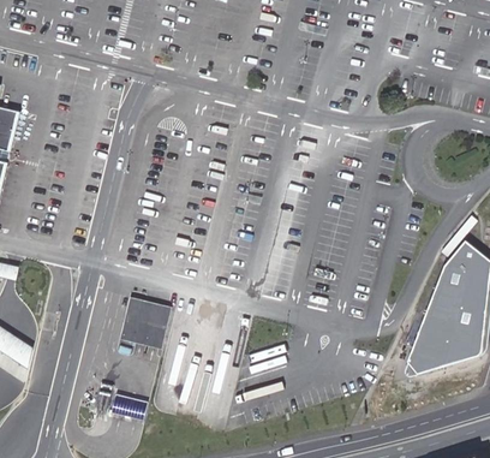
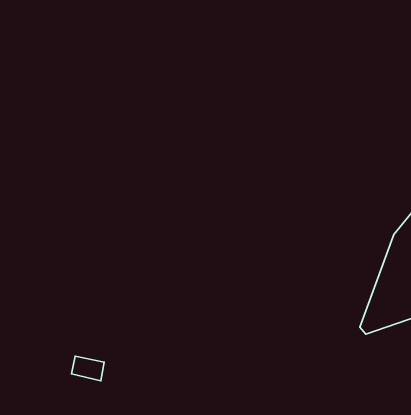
building: [122,295,172,343] -> none

